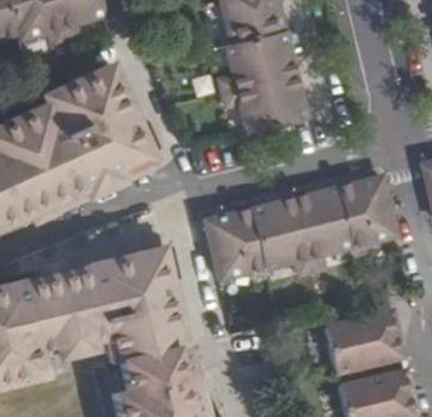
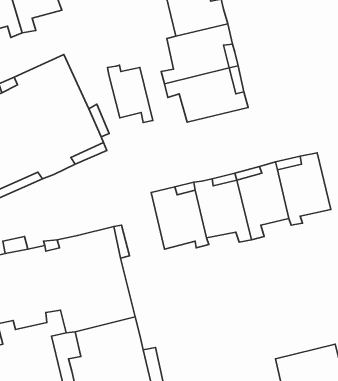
building: none -> [107,65,153,123]
building: [322,315,398,373] -> none

